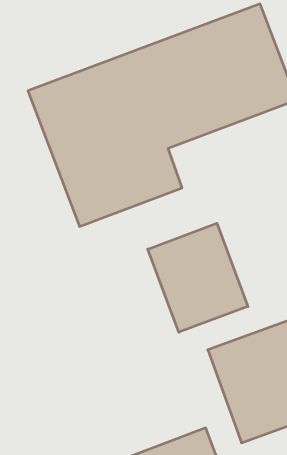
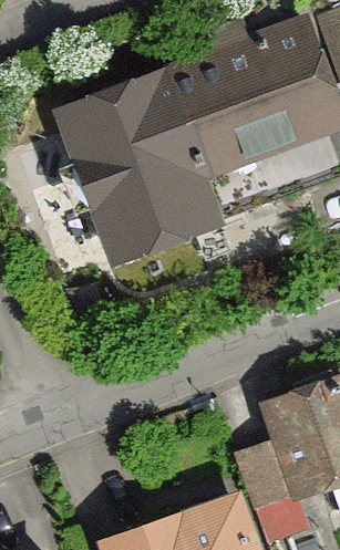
building: [148,223,248,332] -> none

